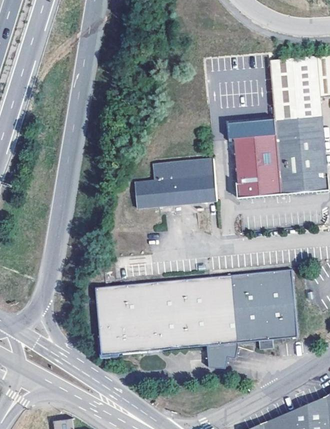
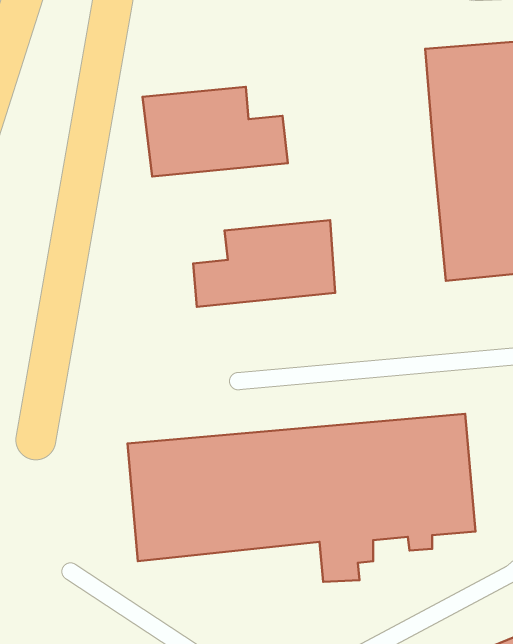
building: none -> [142,87,288,176]
building: [232,120,279,196] -> none

